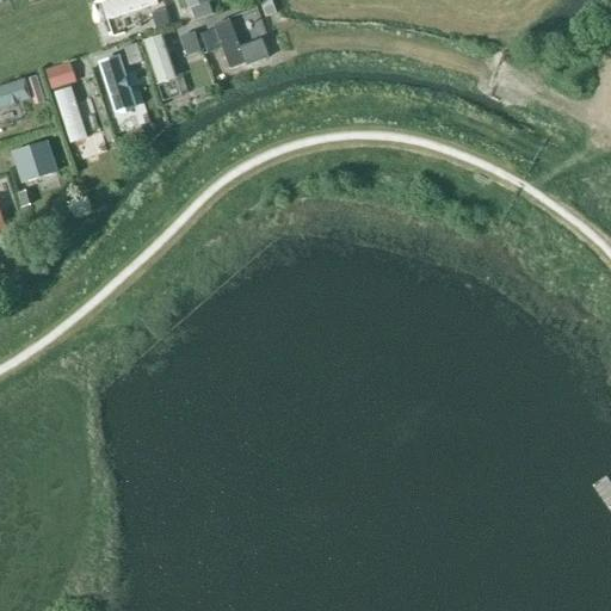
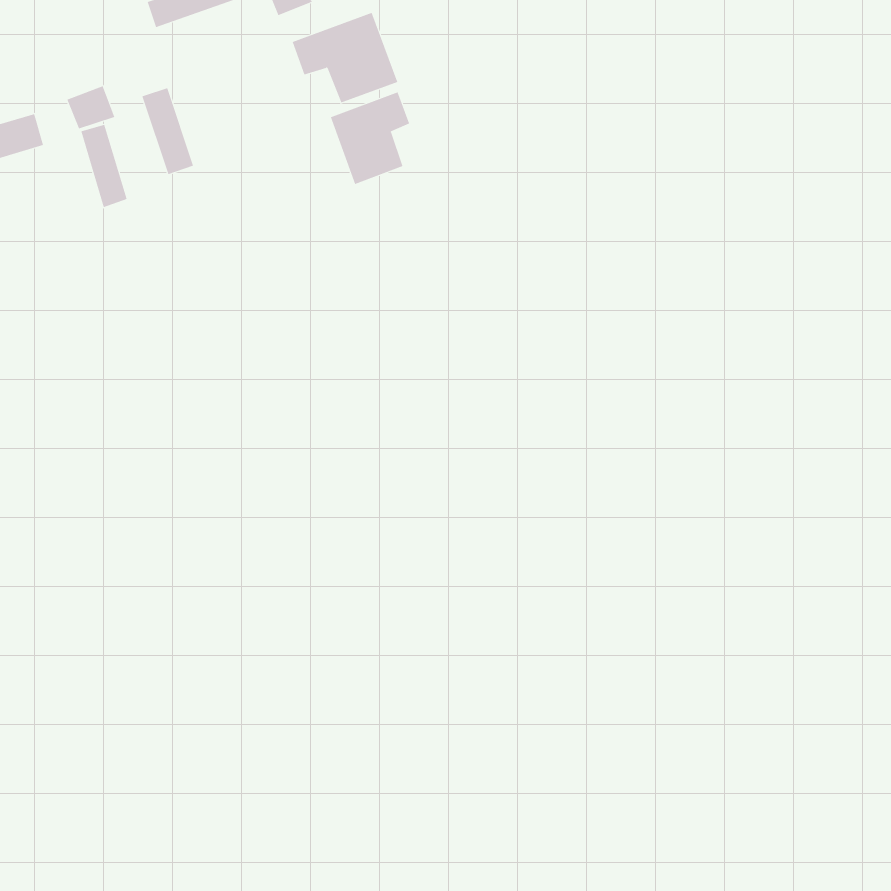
building: [144,33,177,85] -> none
building: none -> [330,92,410,185]
building: [12,138,58,184] -> none

